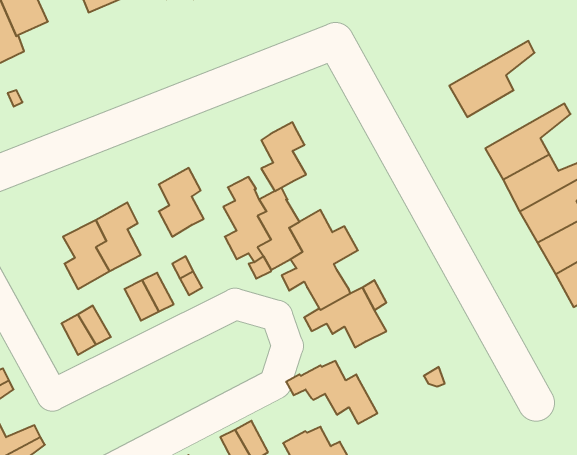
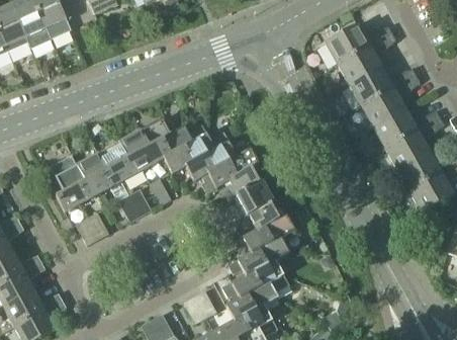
building: none -> [326,24,391,64]
building: none -> [350,67,416,106]
building: [261,122,306,191] -> [164,126,194,173]
building: none -> [120,131,151,178]
building: none -> [55,166,87,214]
building: none -> [234,227,290,263]
building: none -> [222,272,278,308]

